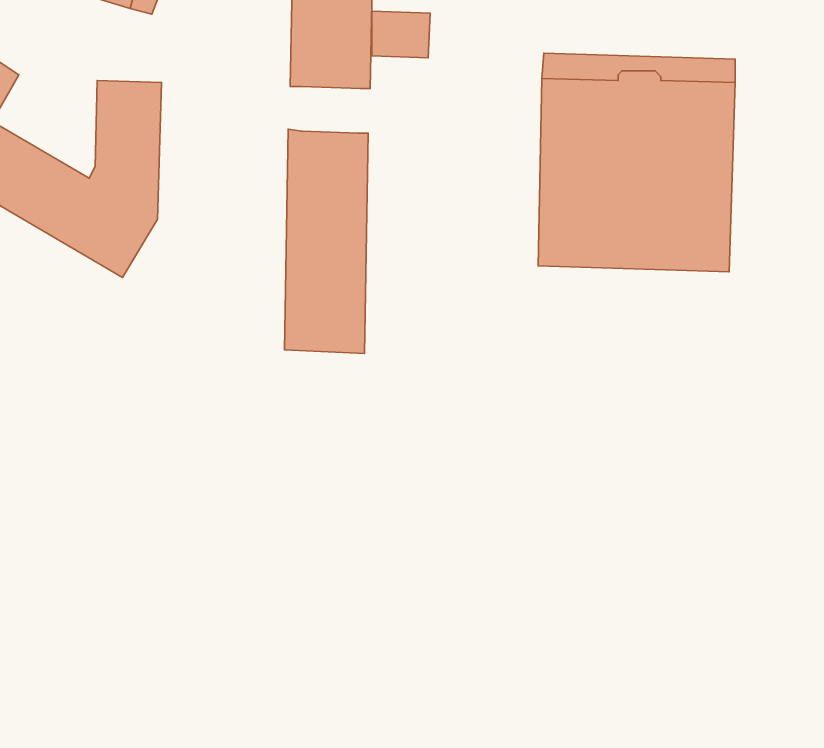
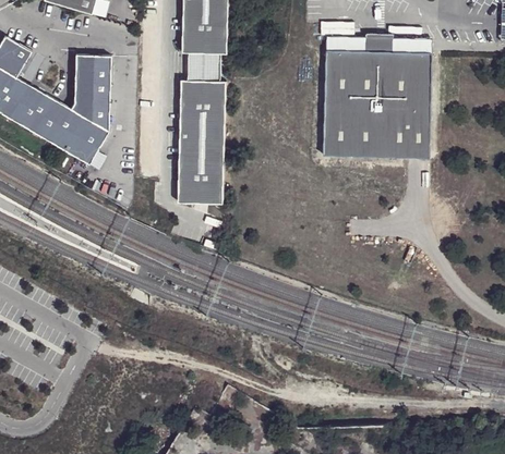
building: [372,11,430,58] -> [190,57,223,83]

